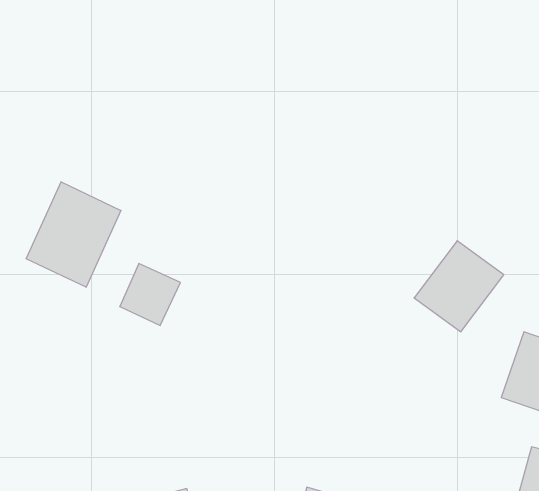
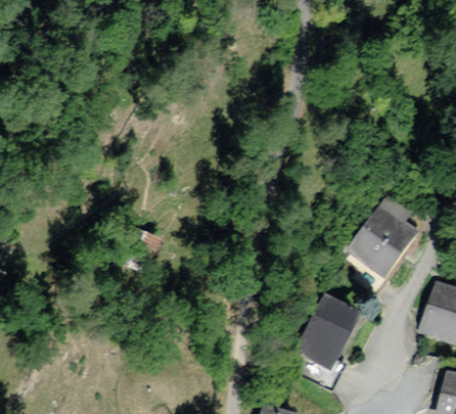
building: [26,182,121,287] -> none
building: none -> [295,294,364,373]

